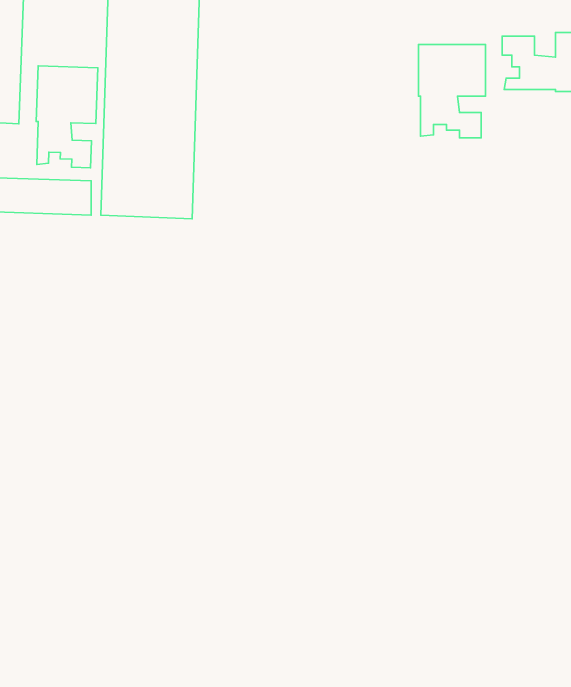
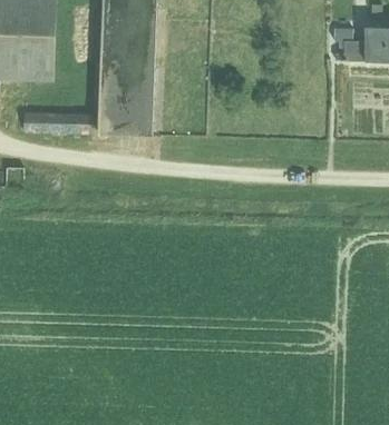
building: [418,45,486,138] -> none
building: [36,66,98,168] -> none

